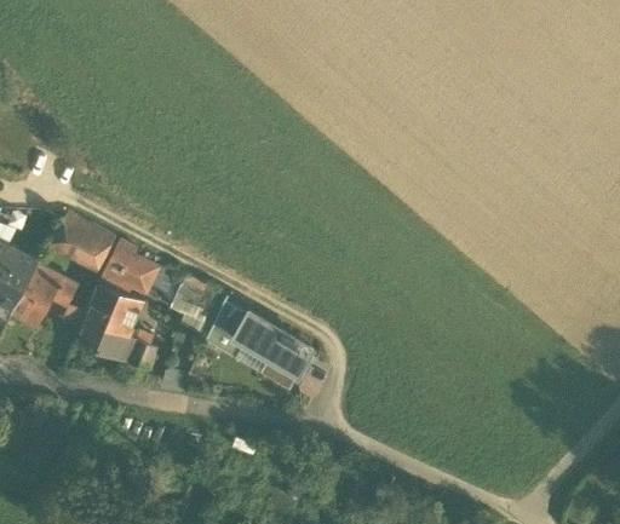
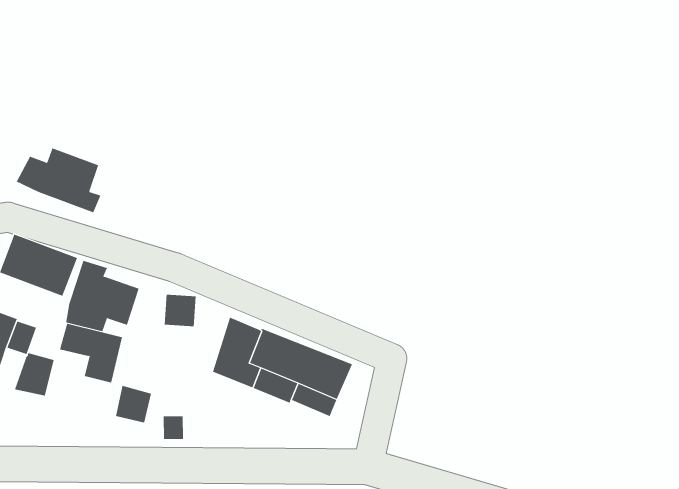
building: none -> [15,147,101,213]
building: [78,306,127,358] -> none

